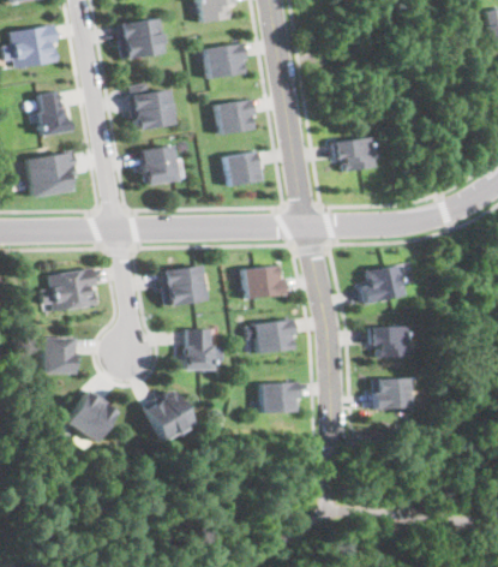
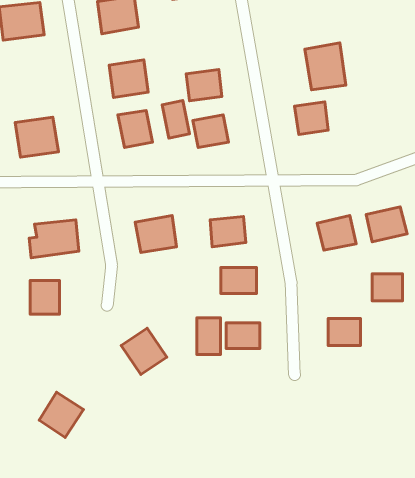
building: [205,44,246,79] -> none
building: none -> [305,43,346,90]
building: [37,91,68,137] -> none
building: none -> [162,101,189,138]
building: none -> [366,207,407,242]
building: [372,326,406,356] -> [372,274,403,301]
building: [185,328,211,369] -> [197,318,221,355]
building: [67,390,116,441] -> [39,392,84,438]

